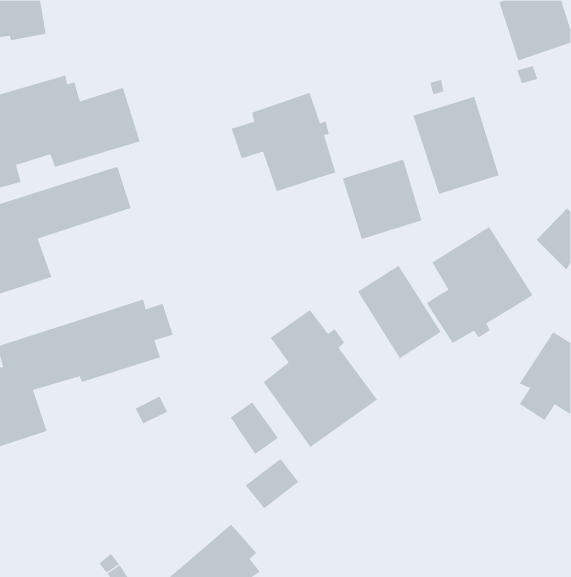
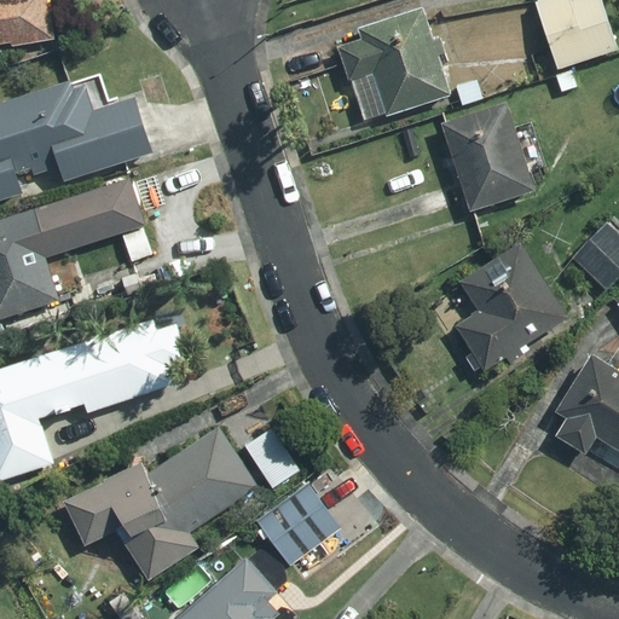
building: [231,92,336,192] -> [339,7,451,114]
building: [342,159,422,240] -> none
building: [357,265,441,359] -> none
building: [263,309,378,448] -> none
building: none -> [64,428,258,578]

